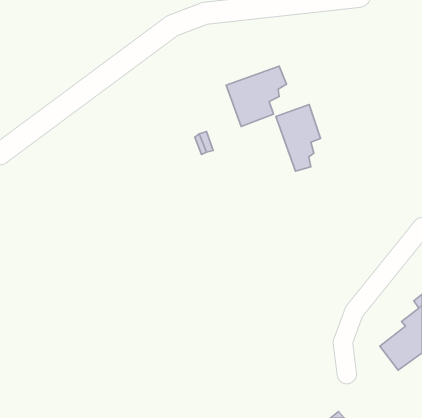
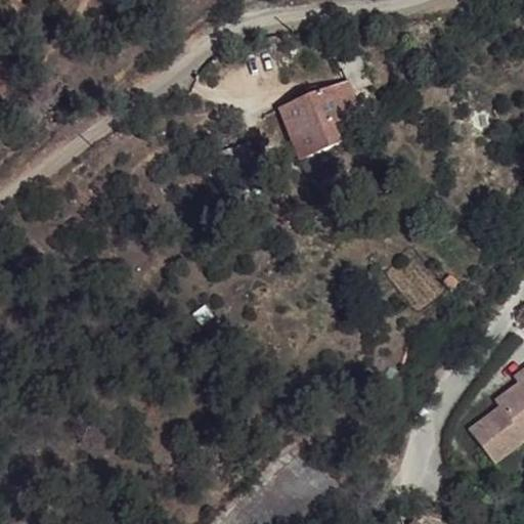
building: [276,105,321,171] -> none

